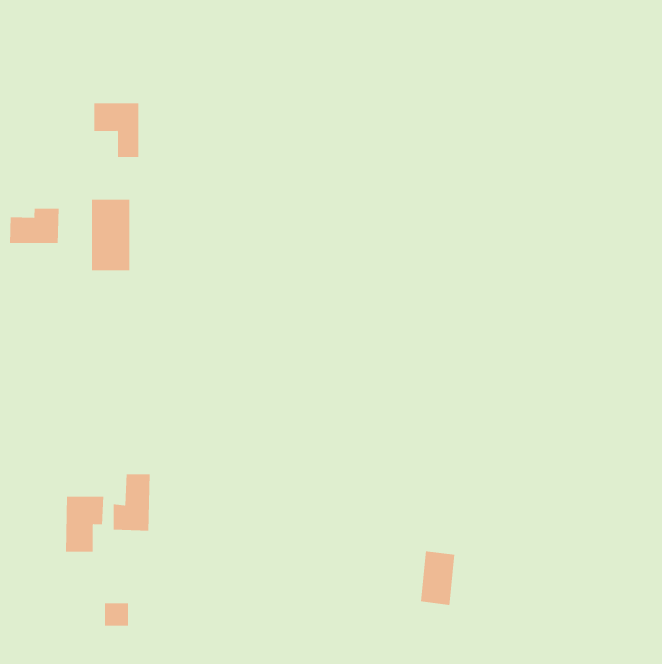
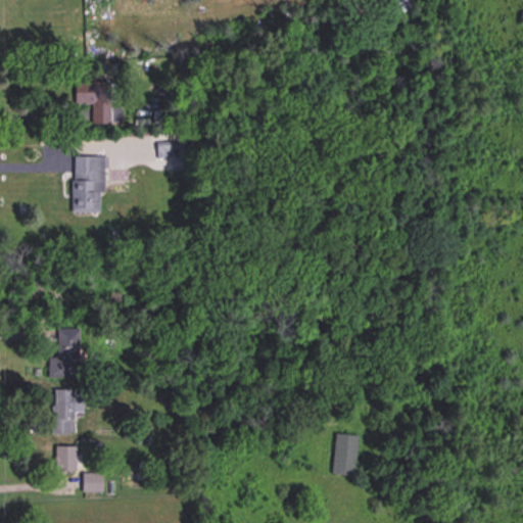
building: [10,208,59,244] -> none
building: [113,474,151,531] -> [50,333,80,378]
building: none -> [55,445,78,471]

